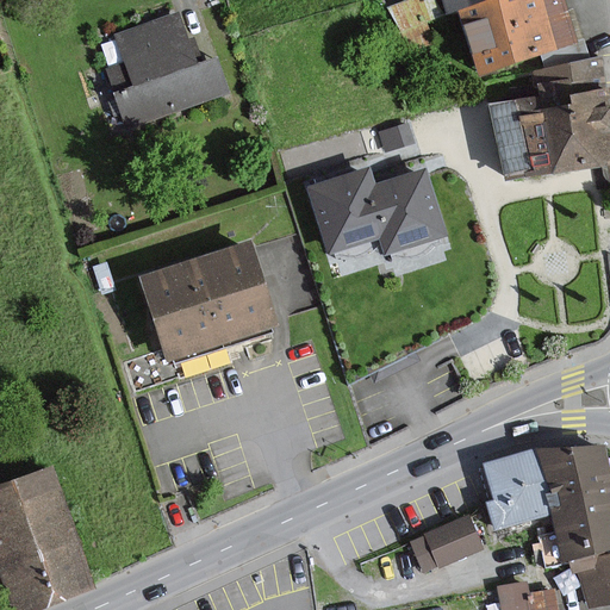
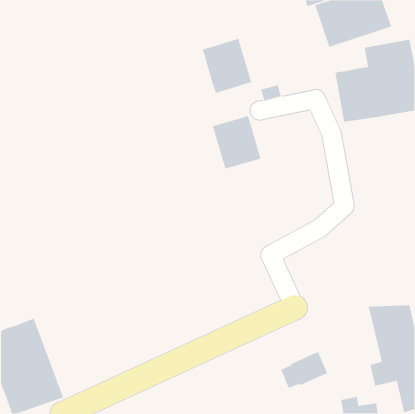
building: [116,13,226,127] -> none
building: [369,168,443,250] -> [202,38,252,94]
building: [145,245,275,356] -> none
building: [490,449,555,528] -> none

